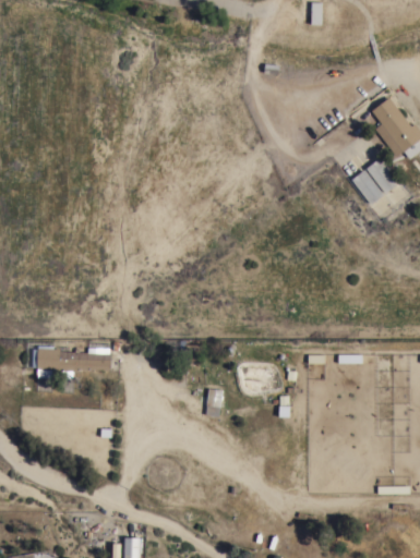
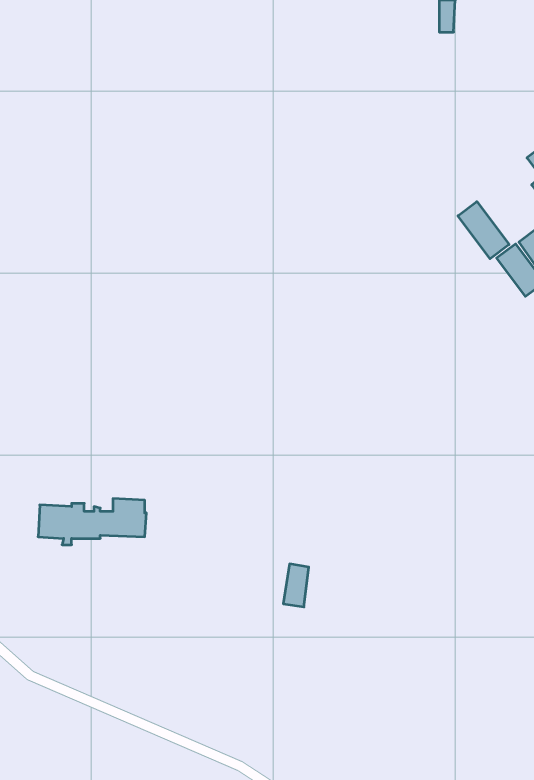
building: none -> [458,202,509,259]

